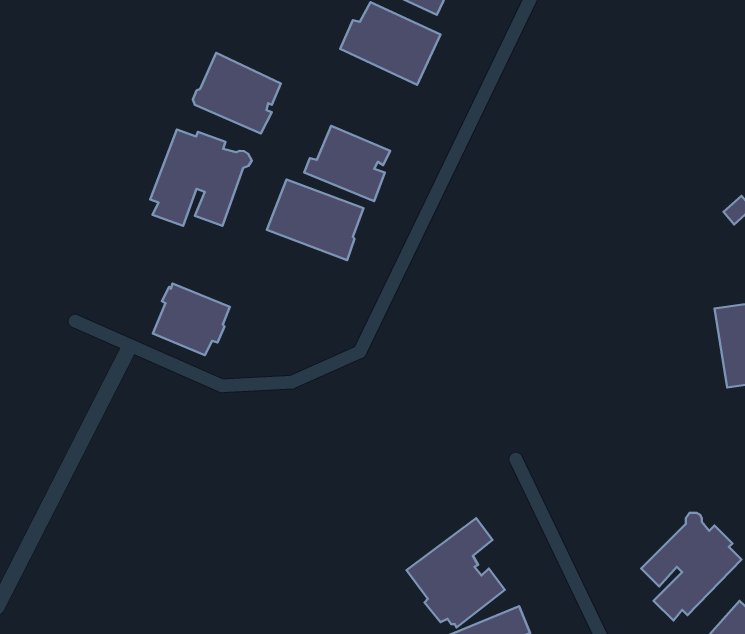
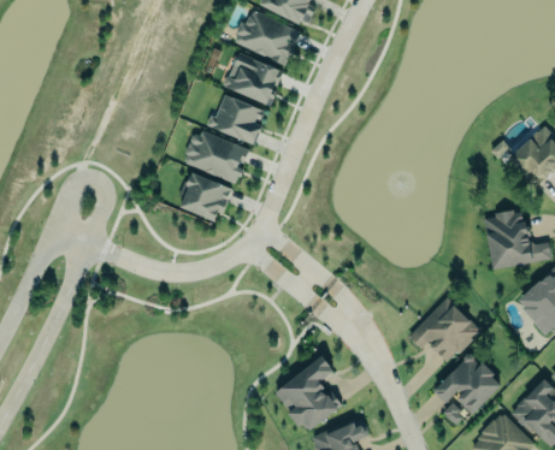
building: [193,53,281,134] -> [225,52,284,106]
building: [150,129,252,226] -> none
building: [153,283,230,355] -> [181,173,232,221]
building: none -> [409,296,482,362]

